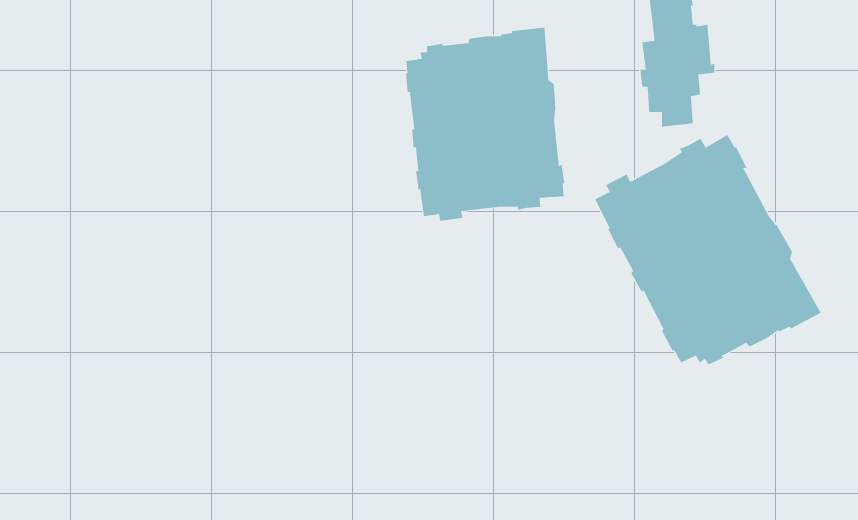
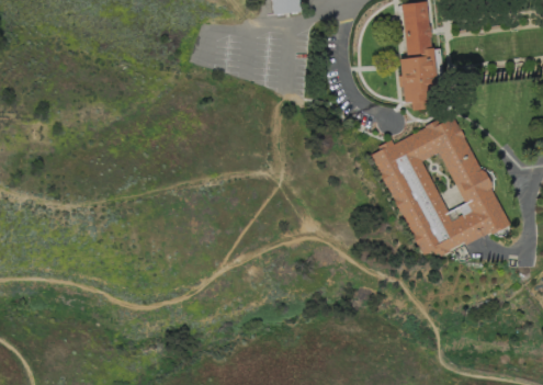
building: [405,27,565,222] -> none

